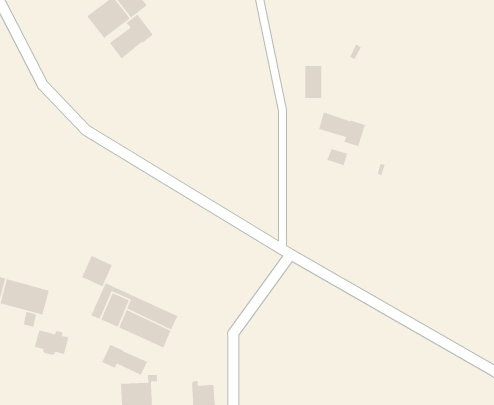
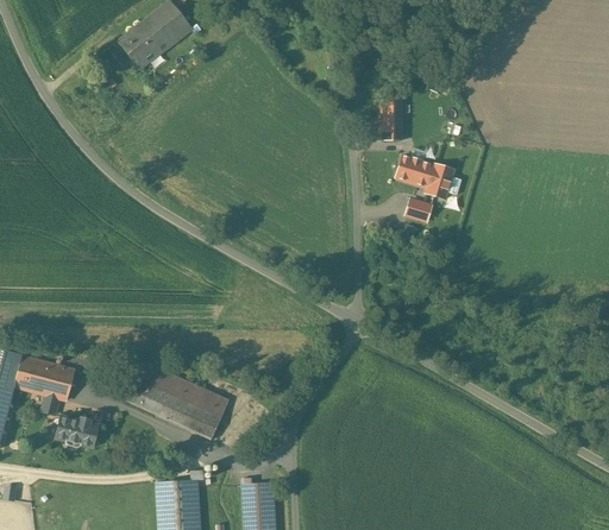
building: [109,13,154,60] -> none
building: [81,255,113,287] -> none
building: [101,344,148,376] -> none

